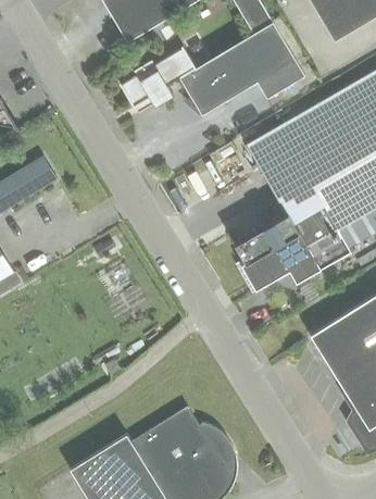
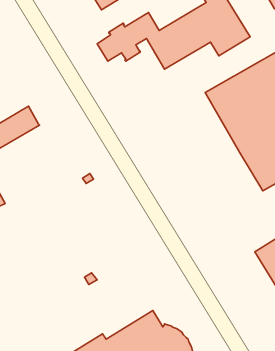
building: [234,209,324,288] -> none

